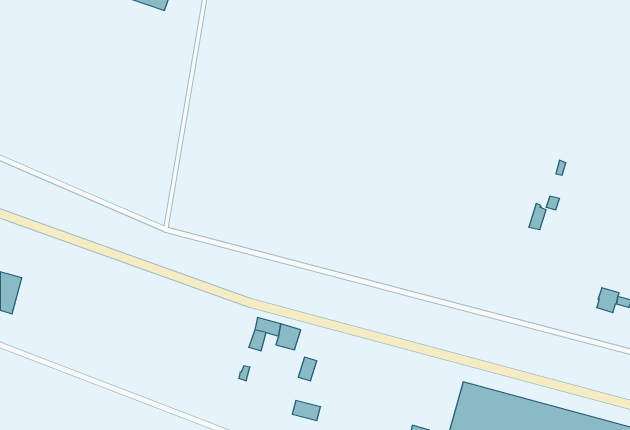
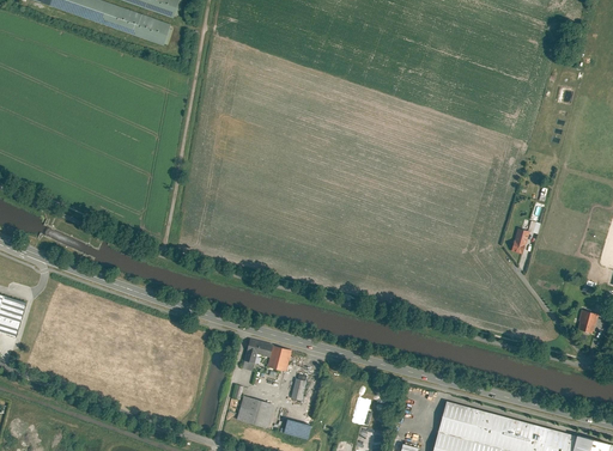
building: none -> [237,396,274,427]

